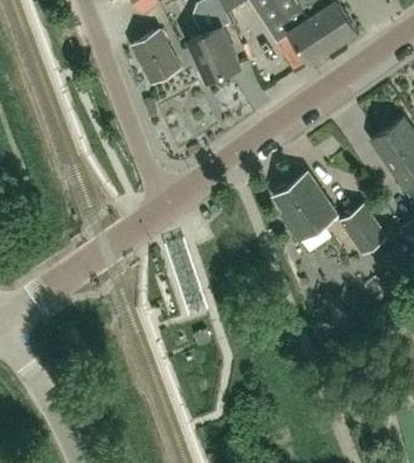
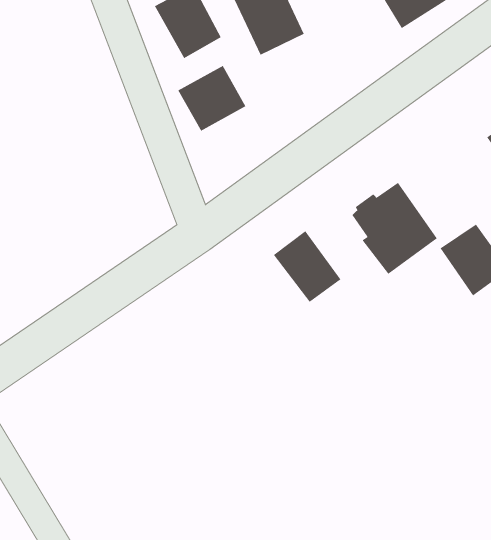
building: none -> [177,65,247,132]
building: none -> [273,230,342,303]

